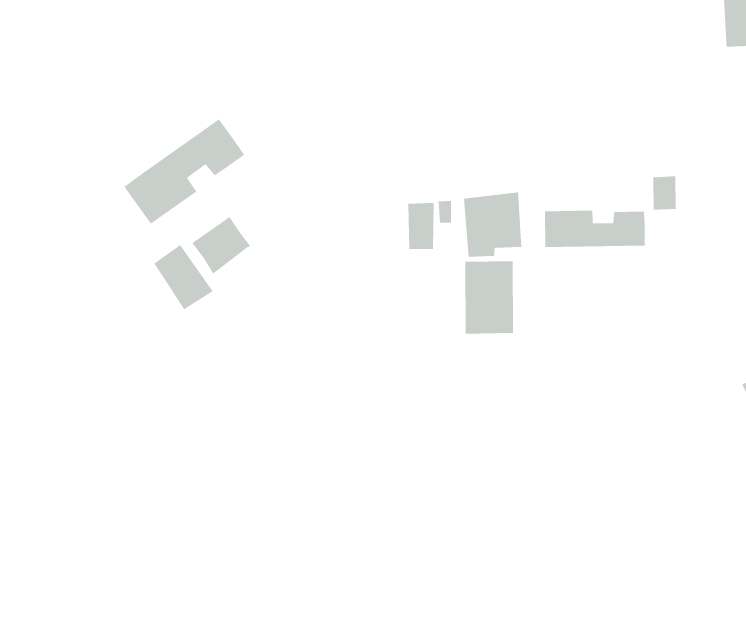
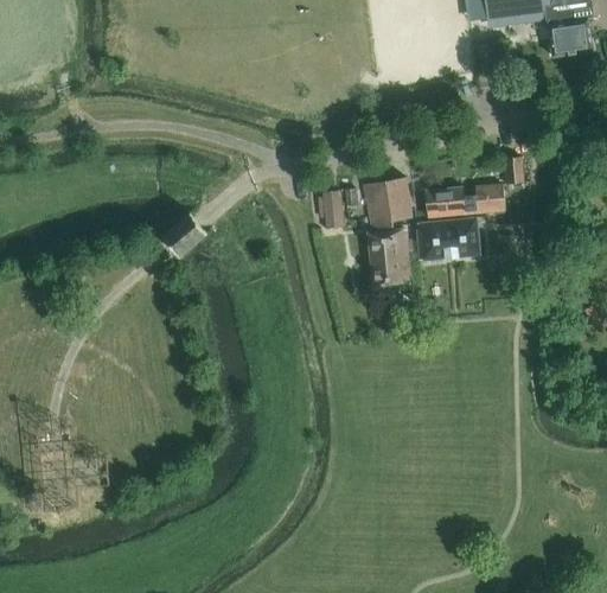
building: [123,119,245,224] -> none
building: [154,244,214,310] -> none
building: none -> [415,217,479,261]

